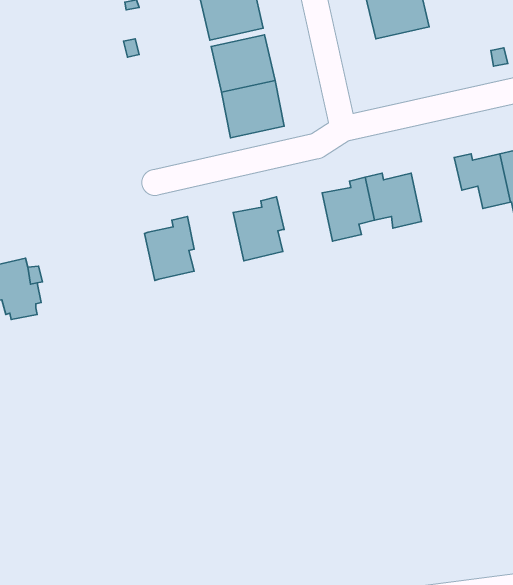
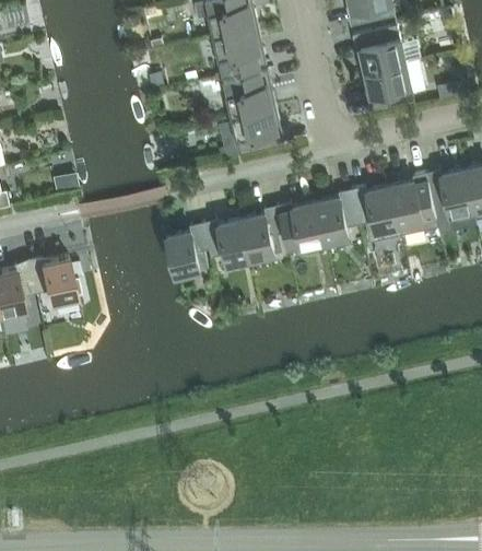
building: none -> [360,63,413,112]
building: none -> [389,173,437,236]
building: none -> [277,202,324,250]
building: none -> [202,219,249,265]

